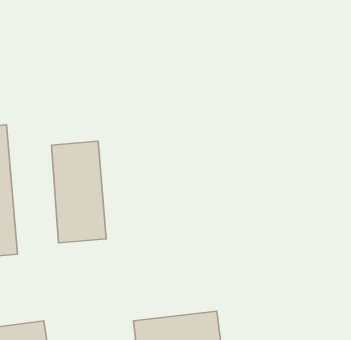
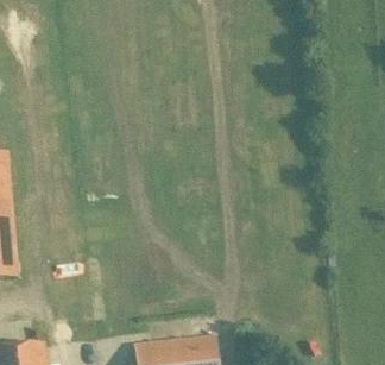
building: [52,141,106,243] -> none

